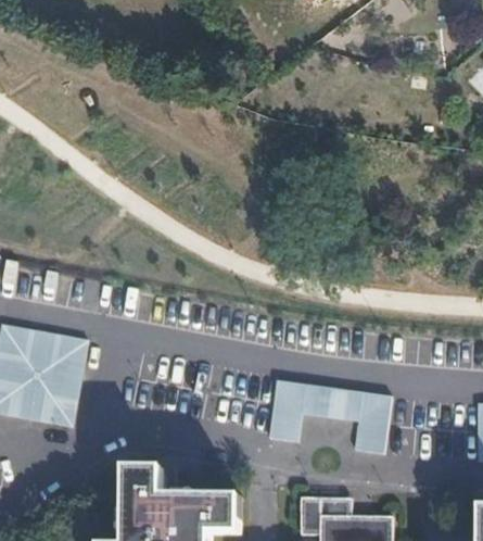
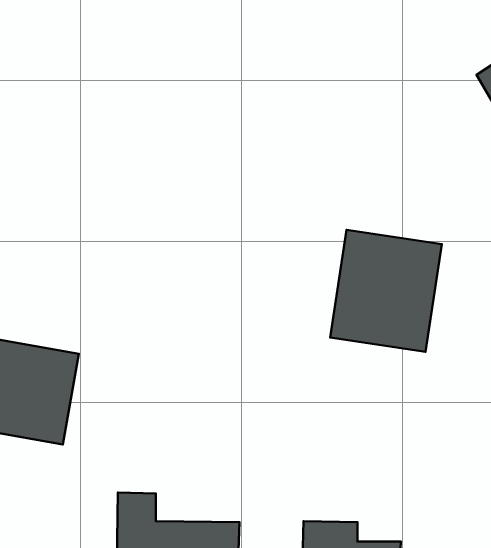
building: none -> [330,230,442,352]
building: [268,380,392,456] -> none

